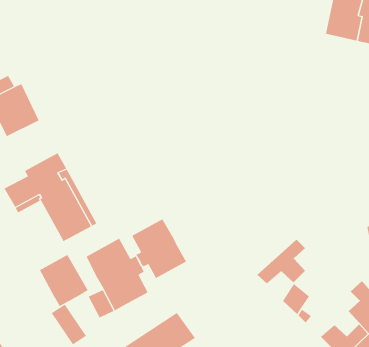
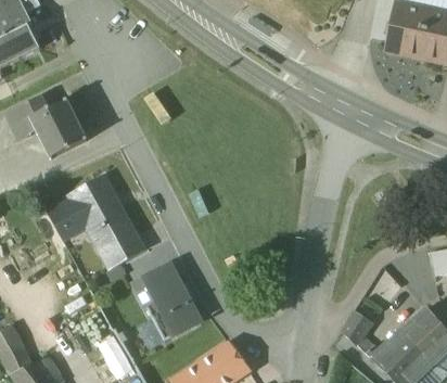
building: [131,219,187,279] -> none
building: [256,239,306,284] -> [370,320,422,368]
building: [39,254,88,307] -> none

